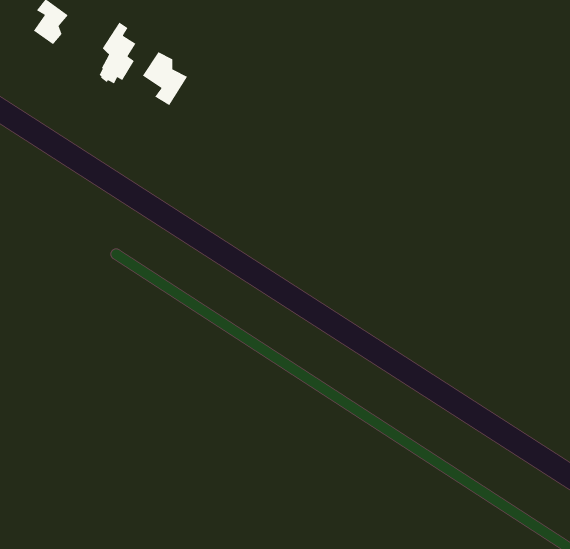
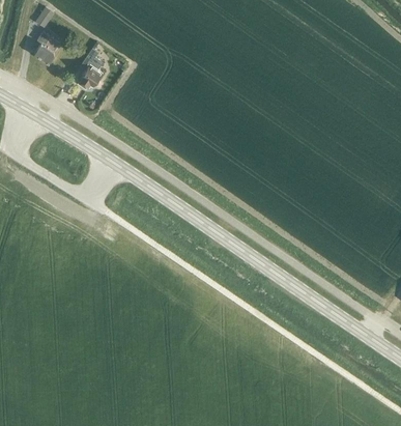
building: [142,51,188,106] -> none

